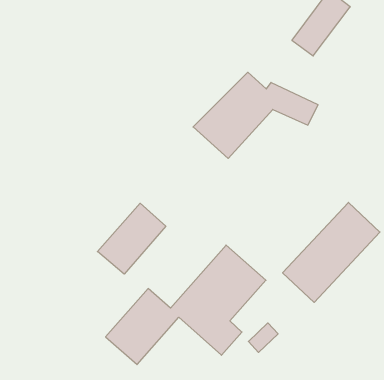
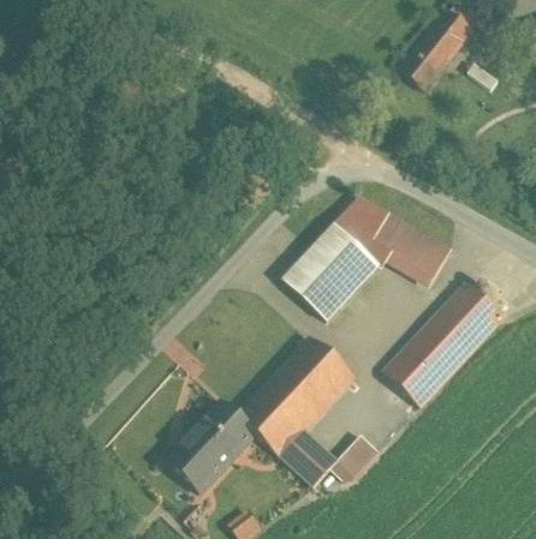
building: [193,72,318,158] -> [287,205,449,317]
building: [97,203,166,274] -> none

